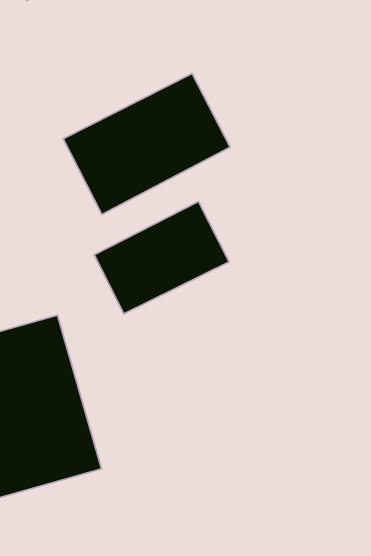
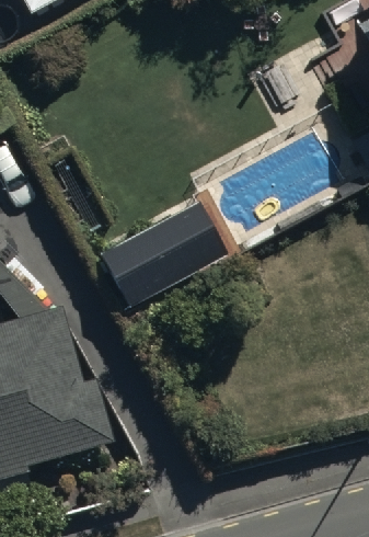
building: [63,73,230,215] -> none

